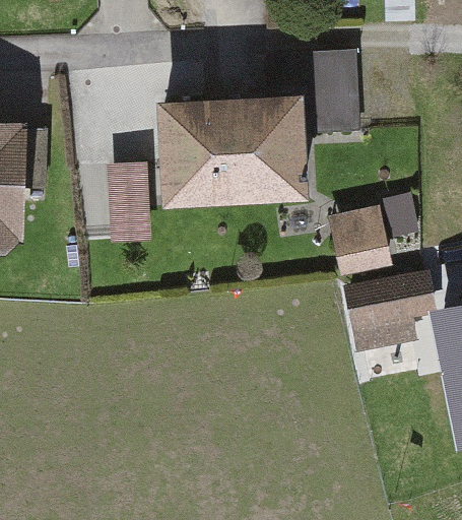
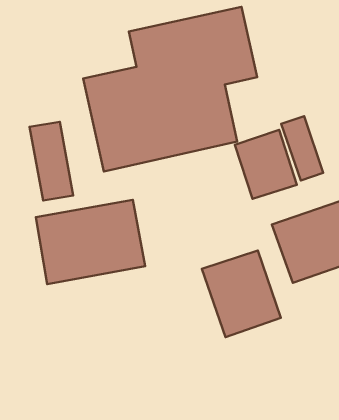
building: none -> [36,200,145,284]
building: none -> [202,250,281,337]

